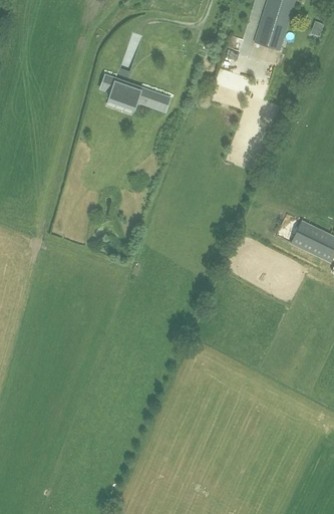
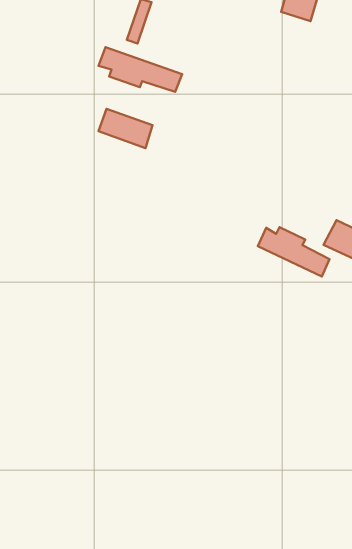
building: none -> [99,109,152,148]
building: none -> [258,227,329,276]

